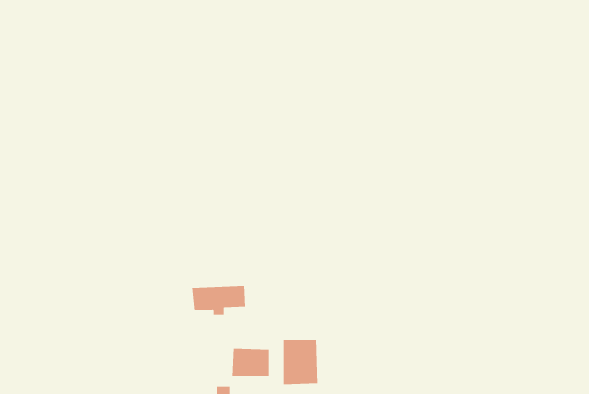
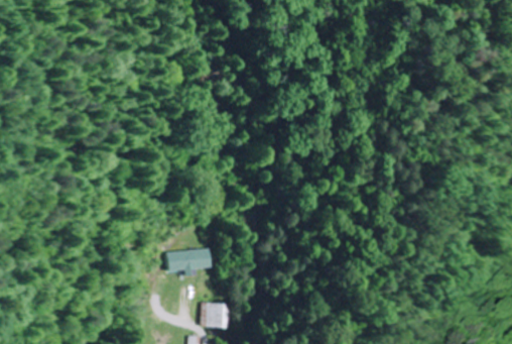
building: [283,339,318,385] -> none

